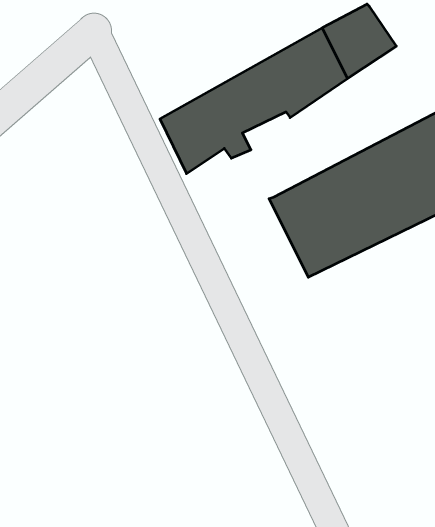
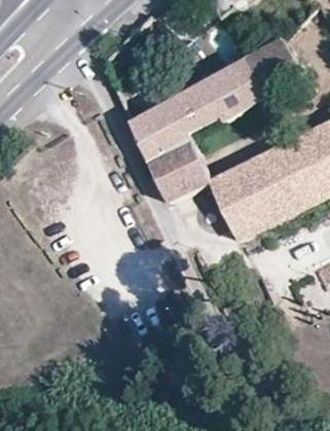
building: none -> [146,144,210,203]

